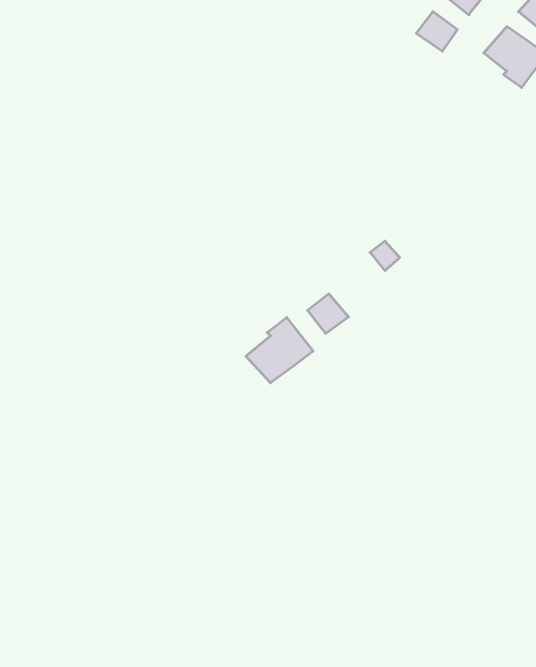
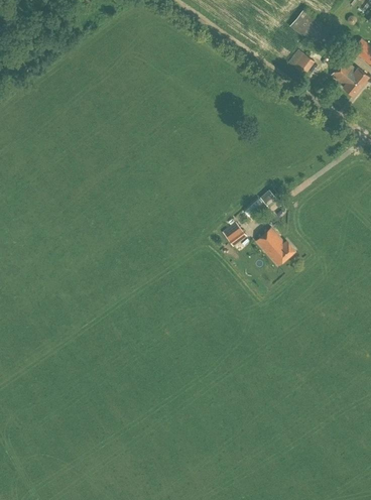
building: none -> [255,228,294,266]
building: [246,317,313,383] -> none

